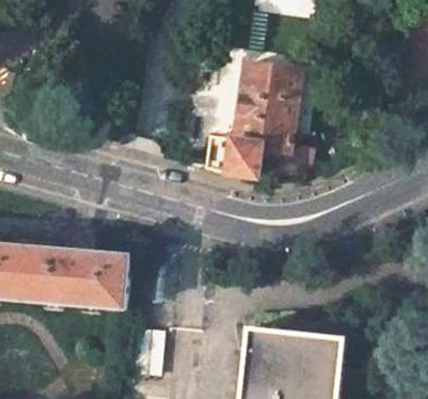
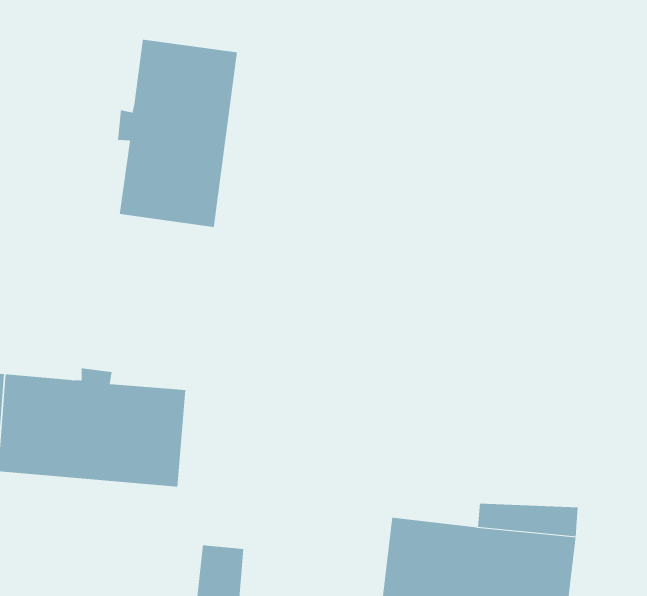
building: none -> [118,39,238,228]
building: [208,64,302,181] -> none

